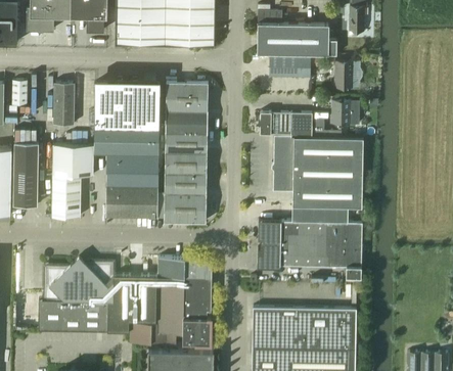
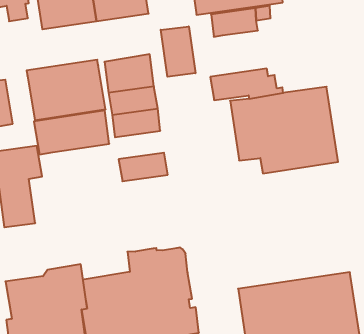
building: [334,62,358,89] -> none
building: none -> [161,26,195,77]
building: [331,101,350,127] -> none
building: [165,152,207,174] -> none
building: [105,156,158,219] -> none
building: [164,193,207,223] -> none
building: [257,221,362,277] -> none

